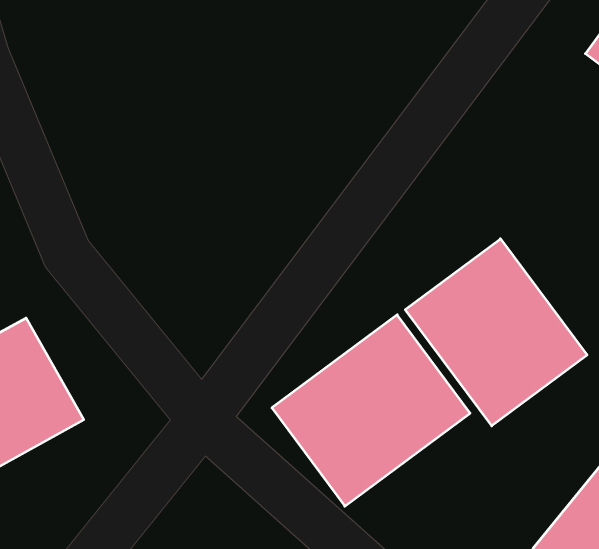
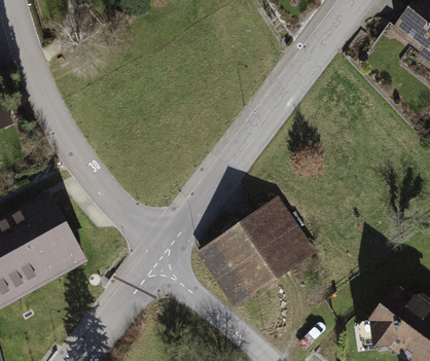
building: [405,239,587,426] -> none

